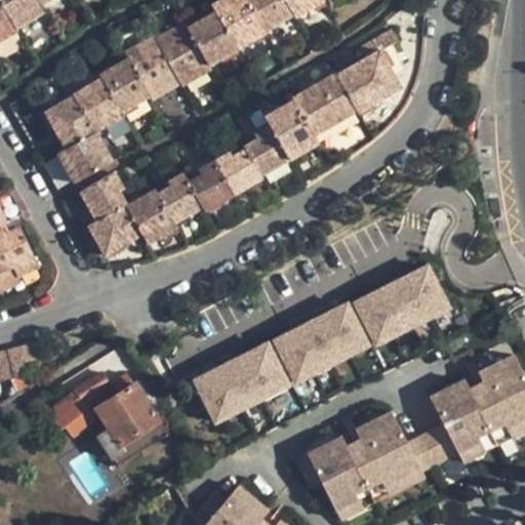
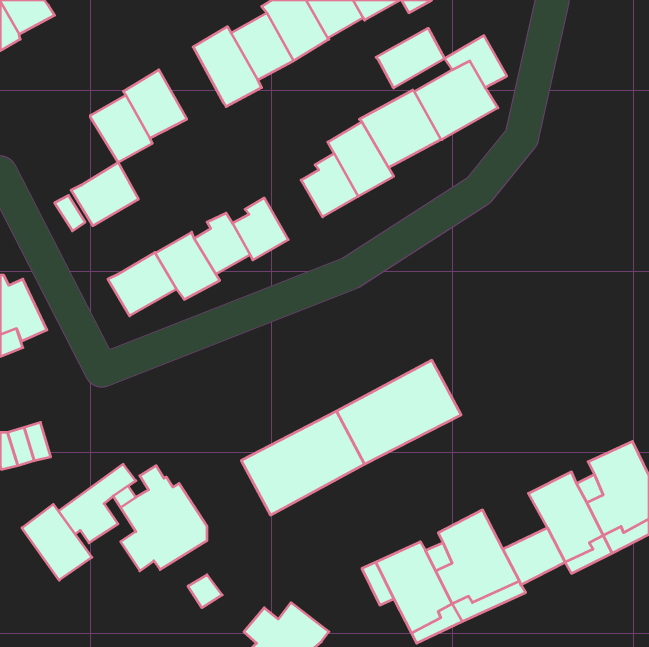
building: none -> [376,28,445,88]
building: [125,37,180,100] -> none
building: [44,95,95,151] -> none
building: [213,150,262,195] -> none
building: [79,173,126,223] -> none
building: [354,259,452,344] -> none
building: none -> [22,504,92,580]

